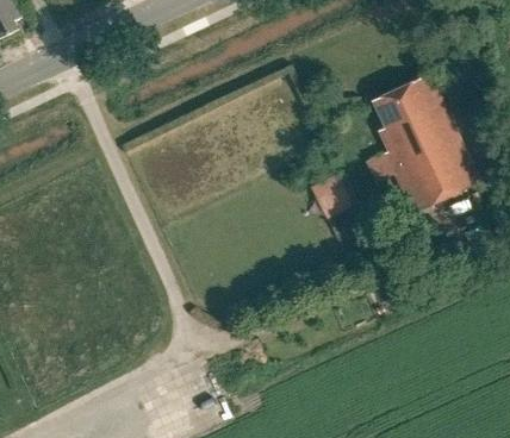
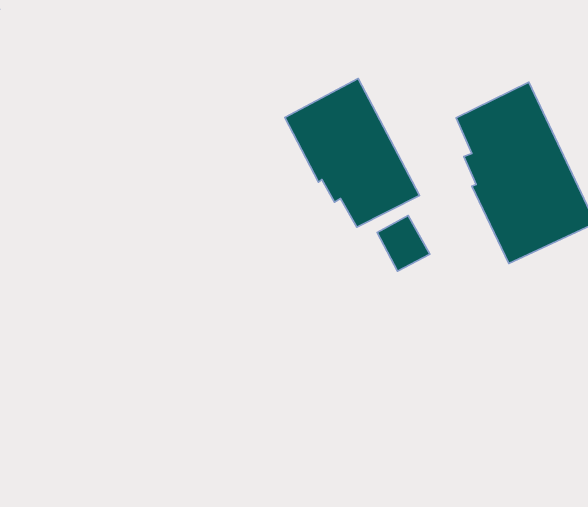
building: none -> [285,78,419,227]

